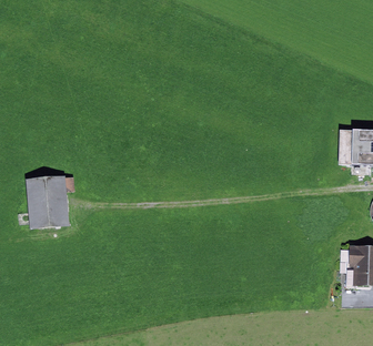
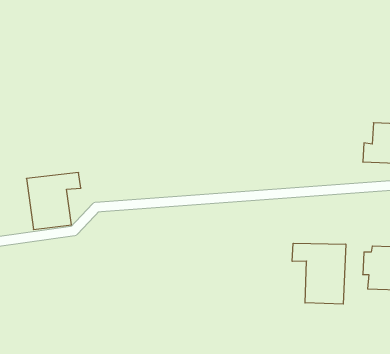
building: none -> [292,243,346,304]

